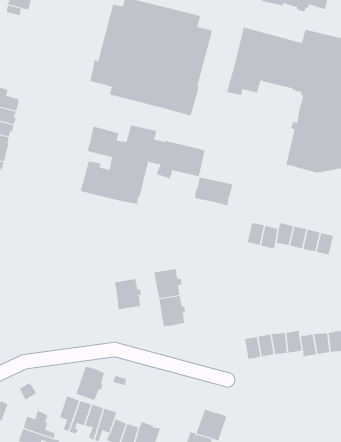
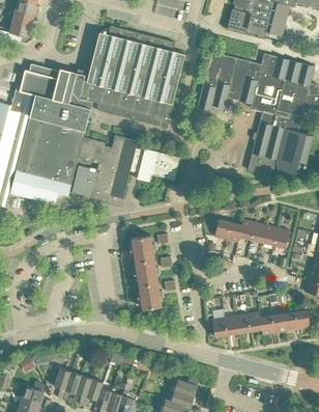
building: none -> [11,63,92,198]
building: [194,177,233,206] -> none
building: [113,278,142,310] -> [130,235,155,262]
building: [76,366,105,401] -> none

